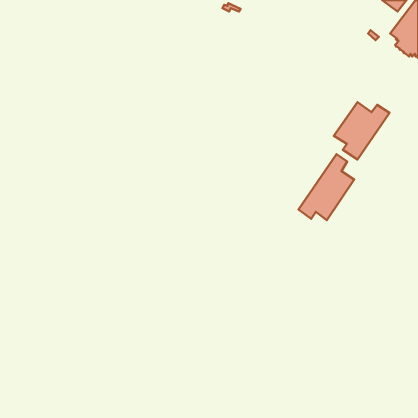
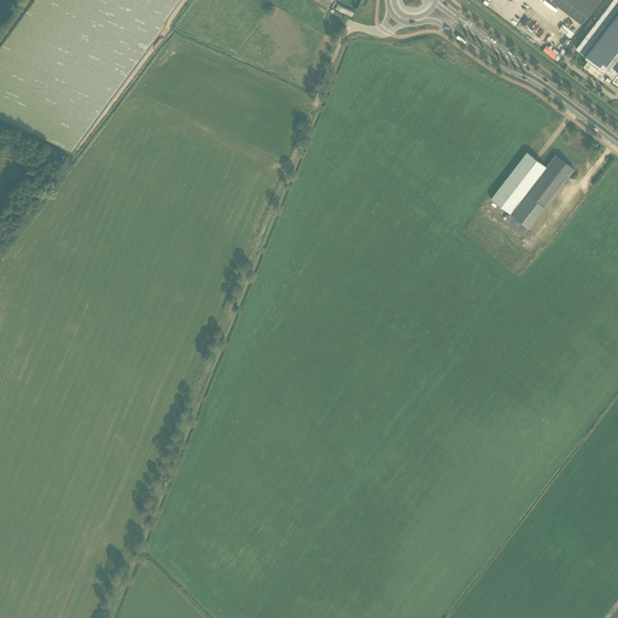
building: [298,154,354,220] -> none

